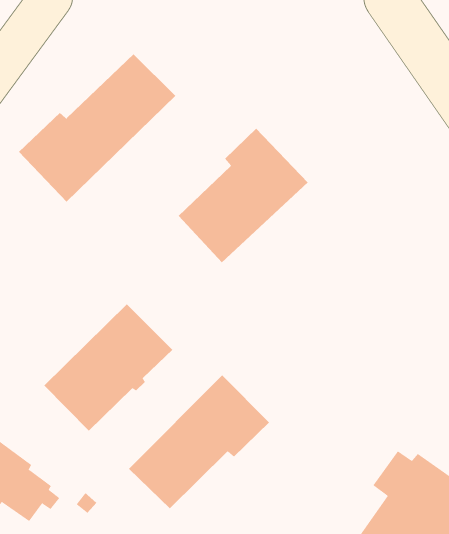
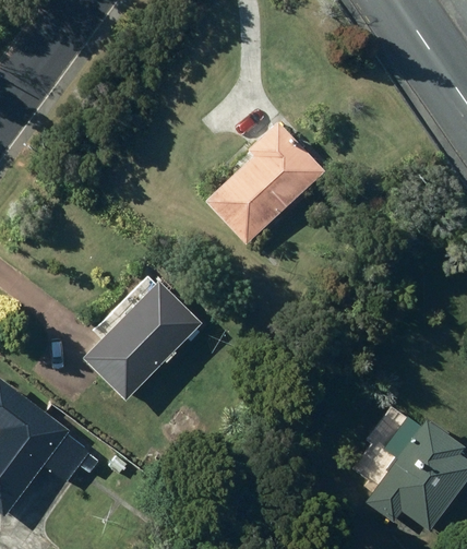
building: [18,53,176,202] -> none
building: [128,374,270,509] -> none

